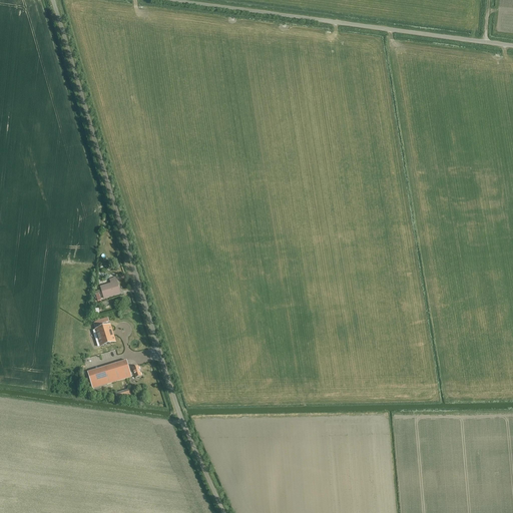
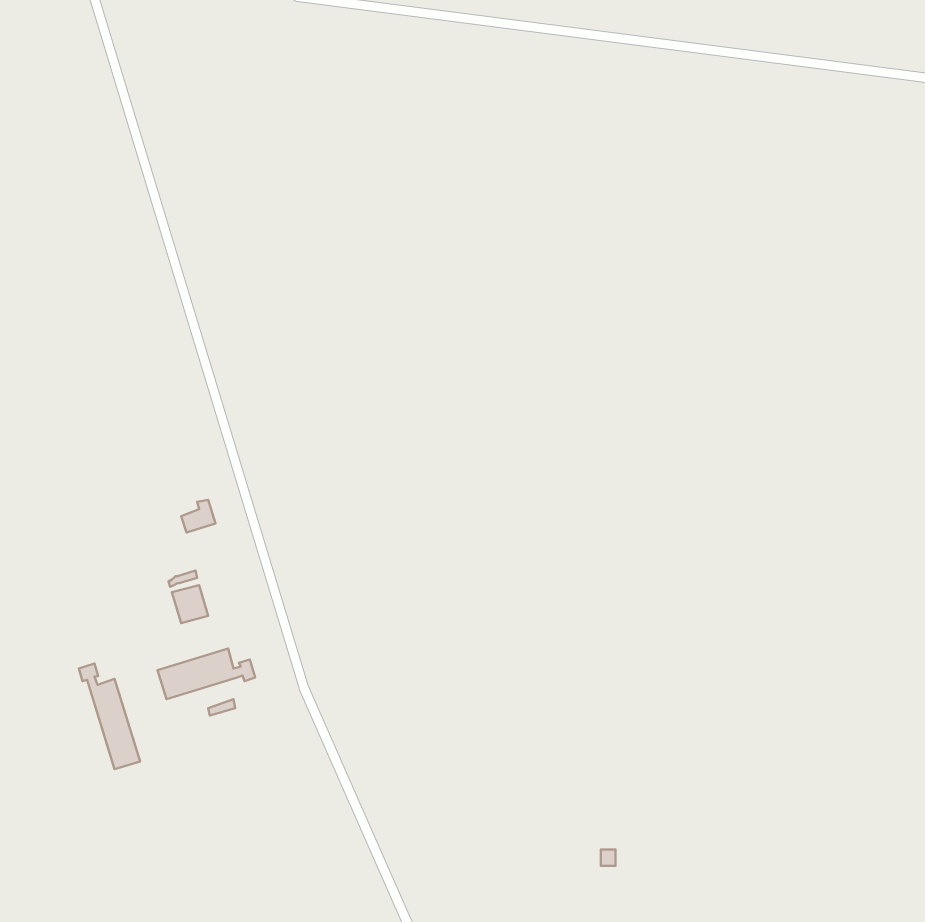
building: none -> [79,663,140,769]

